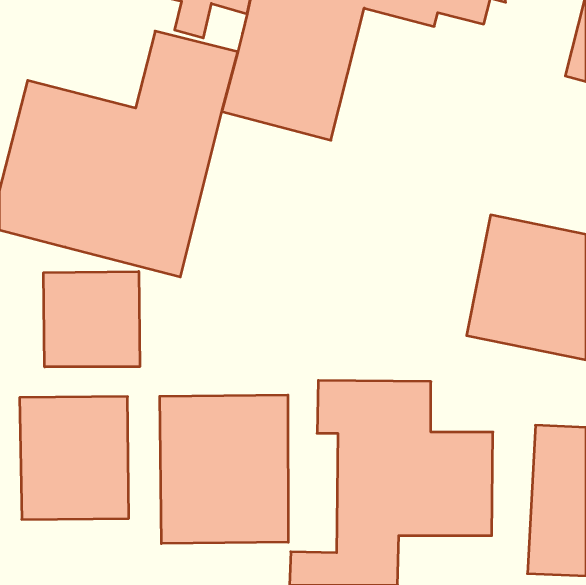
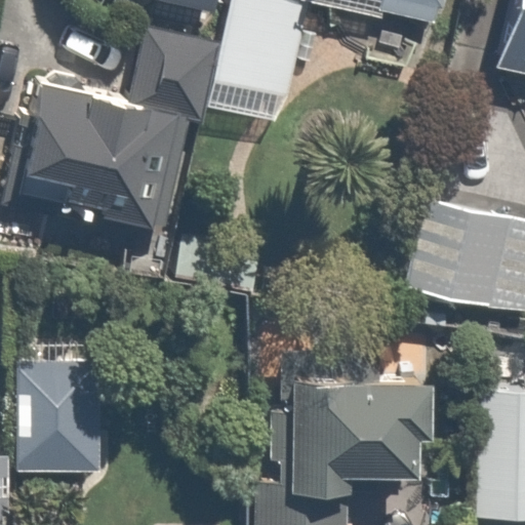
building: [44,271,140,367] -> none
building: [160,395,288,544] -> none

